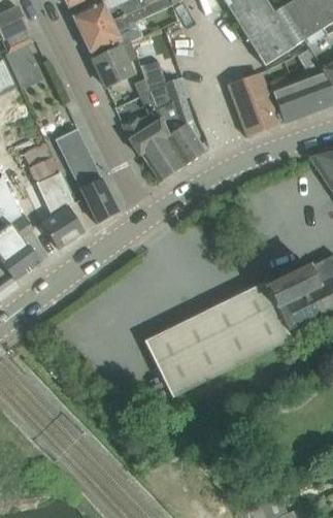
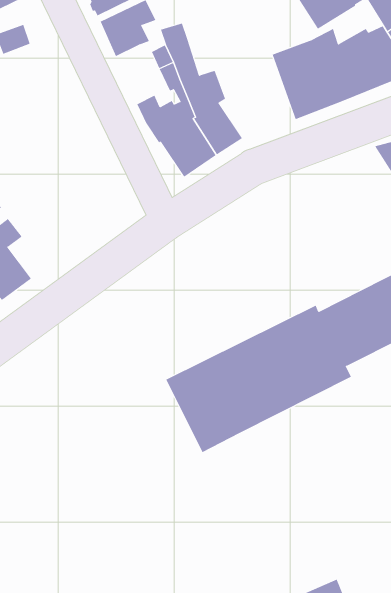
building: [57,127,119,222] -> none
building: [30,156,85,247] -> none

